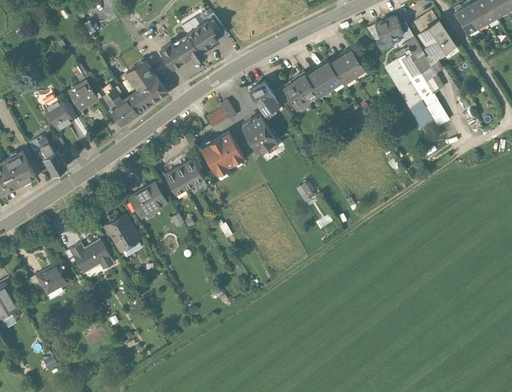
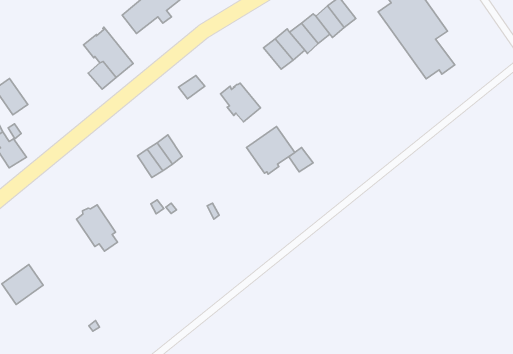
building: [68,81,97,111] -> none
building: [250,85,279,115] -> none
building: [102,90,138,125] -> none
building: [201,134,243,175] -> [246,127,295,174]
building: [129,184,165,218] -> none
building: [69,239,113,273] -> none

